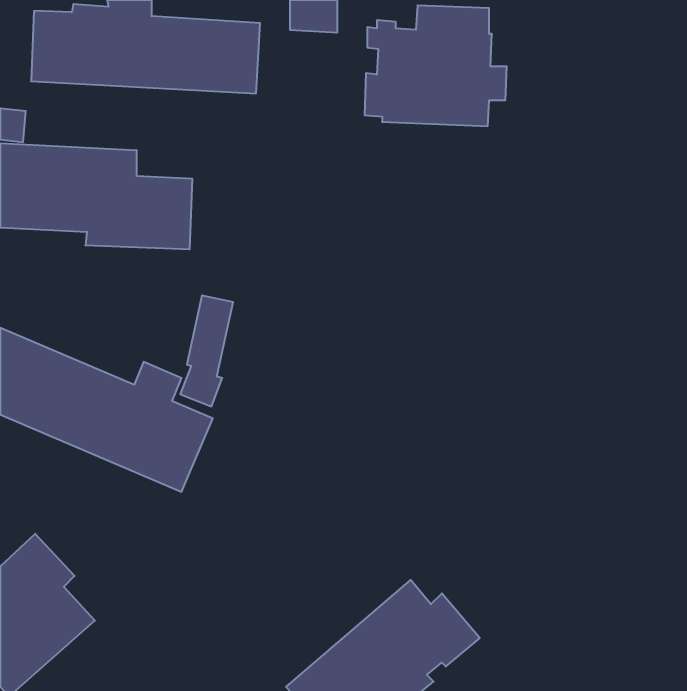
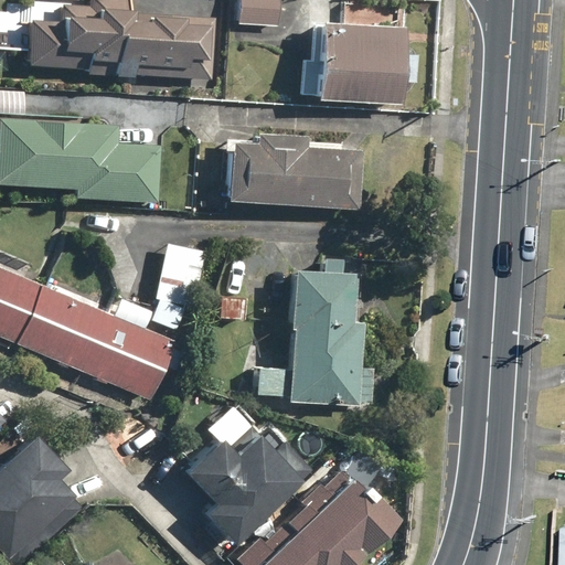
building: none -> [226,134,364,211]
building: none -> [256,269,375,407]
building: none -> [186,408,312,542]

